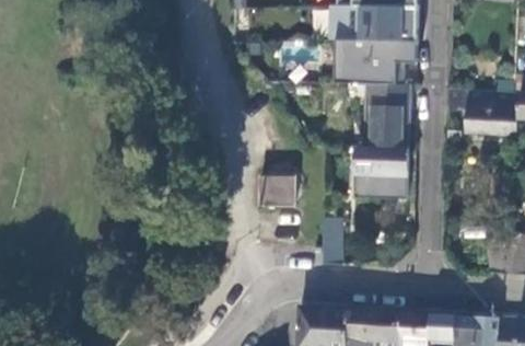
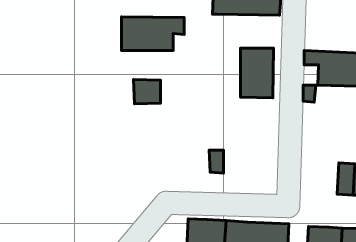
building: [335,41,416,84] -> [122,17,184,50]
building: [355,148,407,198] -> none
building: [258,174,293,206] -> [133,79,161,104]

